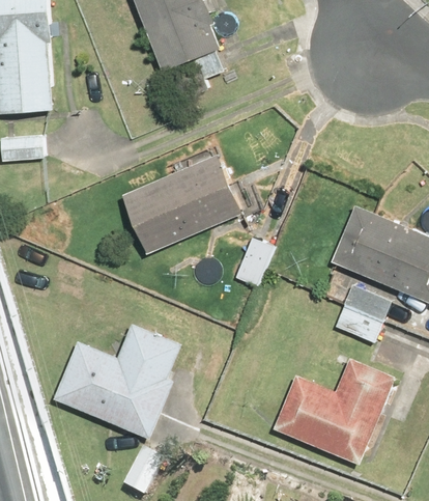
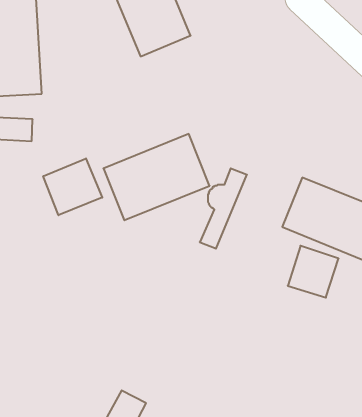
building: none -> [43,158,102,215]
building: [50,323,179,440] -> none
building: [273,359,394,464] -> none

